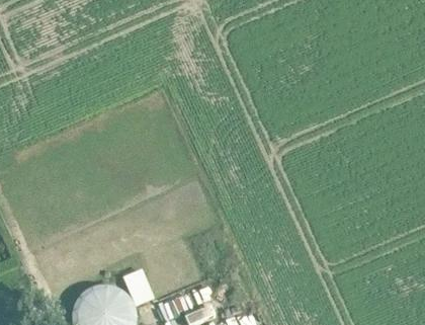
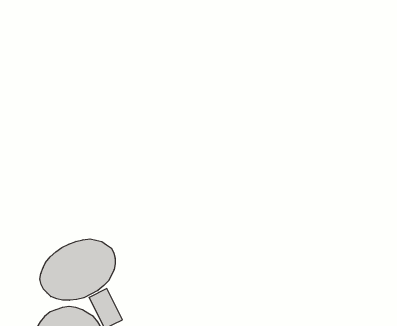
building: none -> [40,239,115,300]

